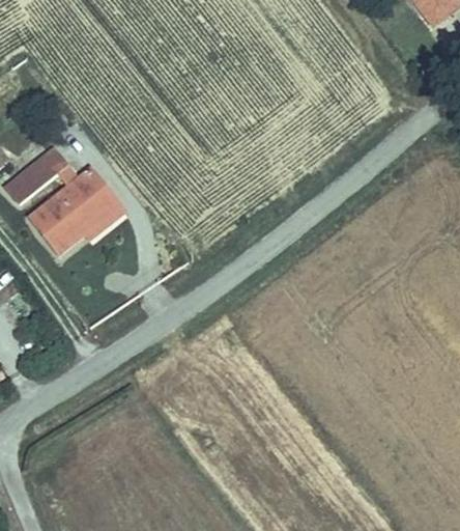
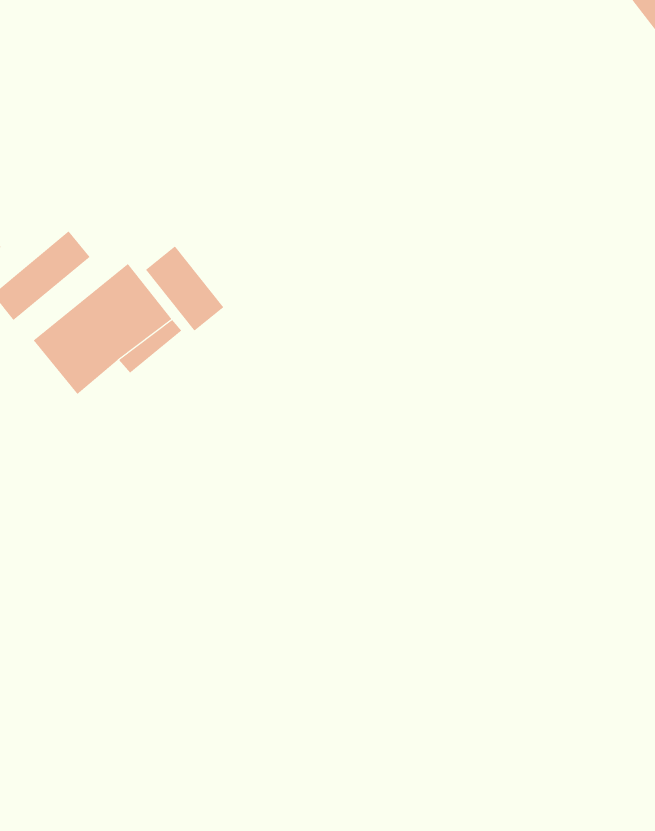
building: none -> [145,246,224,332]

